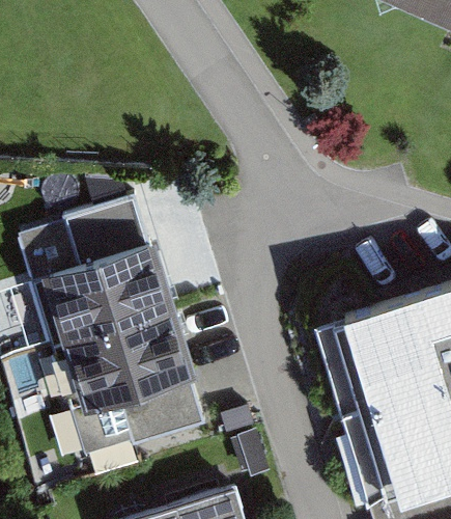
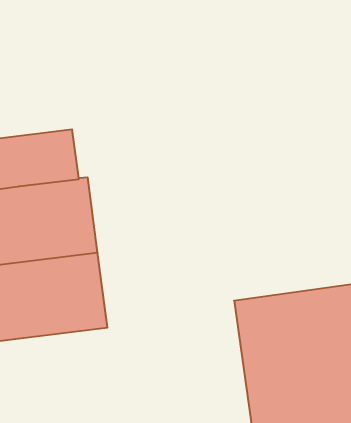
building: [117,381,204,452] -> none

